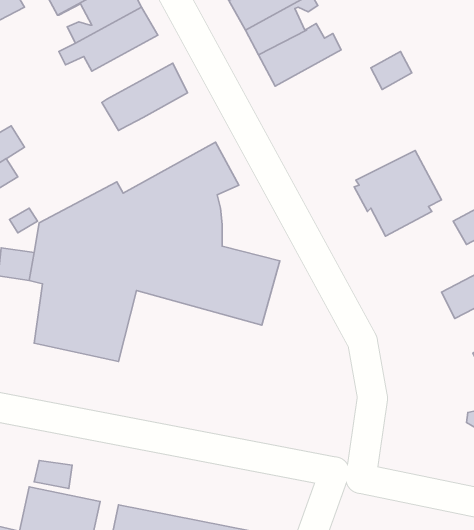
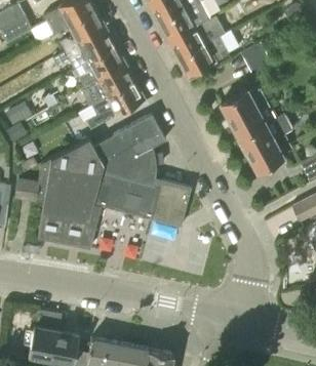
building: none -> [75,45,125,85]
building: none -> [87,81,145,129]
building: none -> [221,85,276,135]

